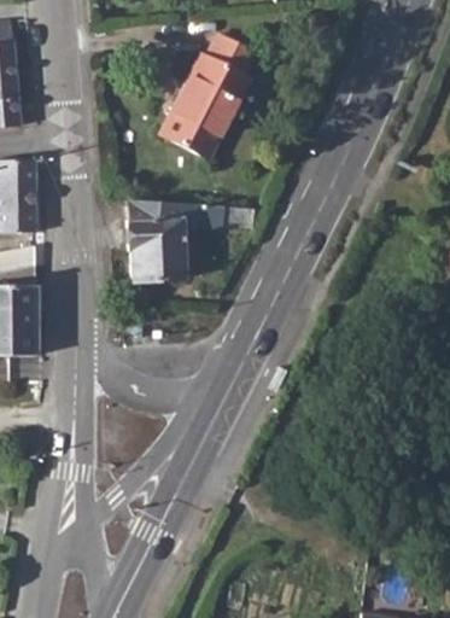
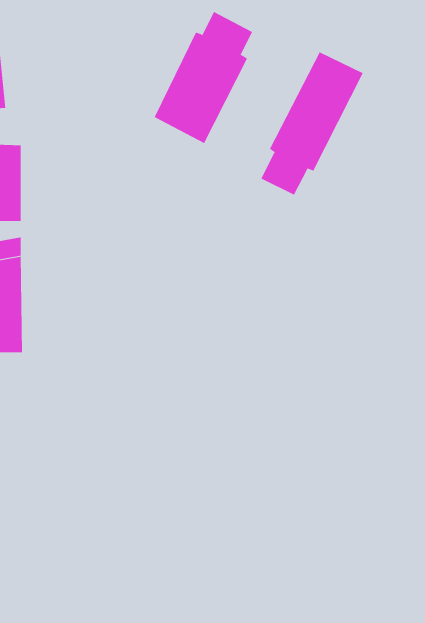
building: none -> [260,51,364,196]
building: [127,200,252,280] -> none

